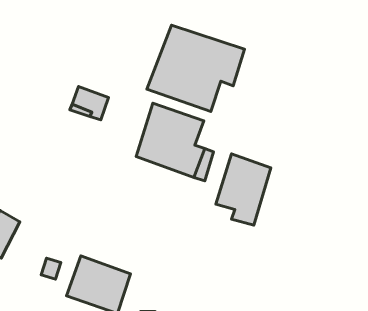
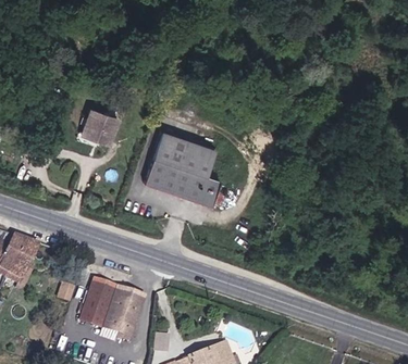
building: [147,25,245,112] -> none
building: [216,154,271,225] -> none

